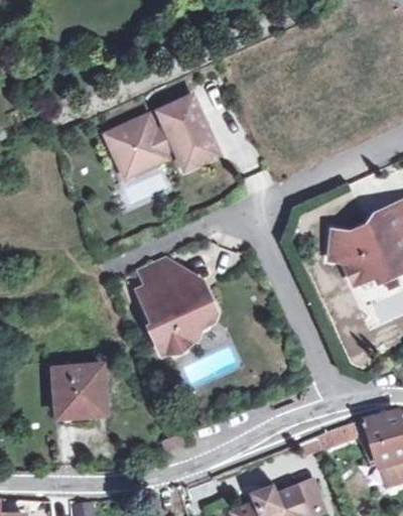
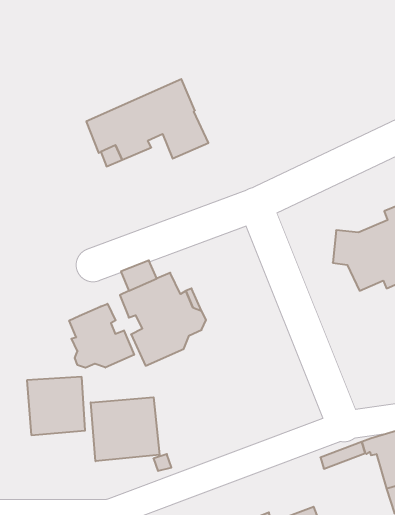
building: none -> [69,304,134,368]
building: none -> [91,397,160,461]

